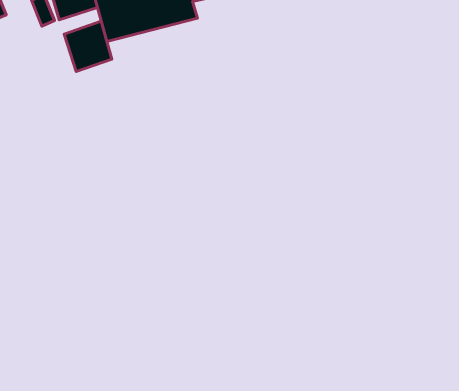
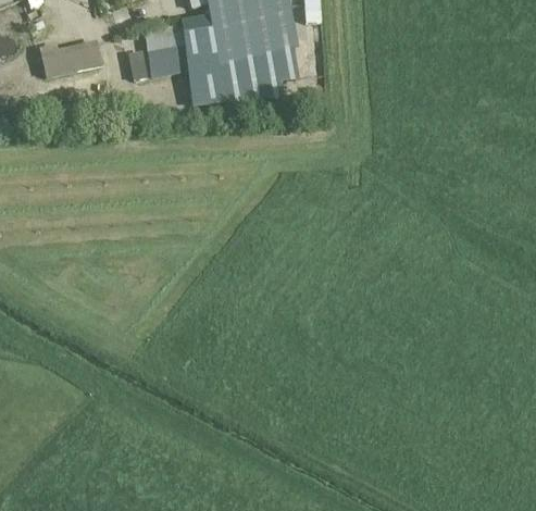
building: [64,21,112,72] -> none

